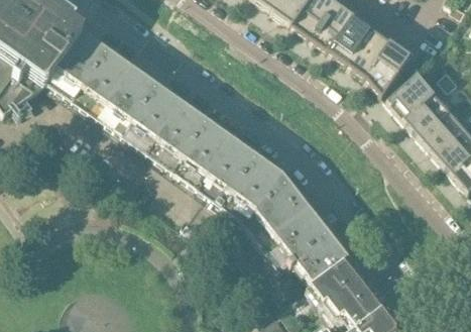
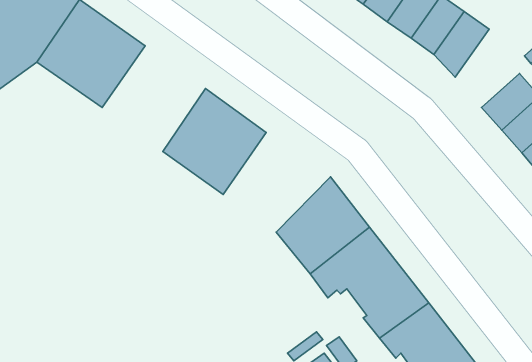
building: [102,66,185,150] -> none
building: [388,69,436,115] -> none
building: [199,135,284,215] -> none

